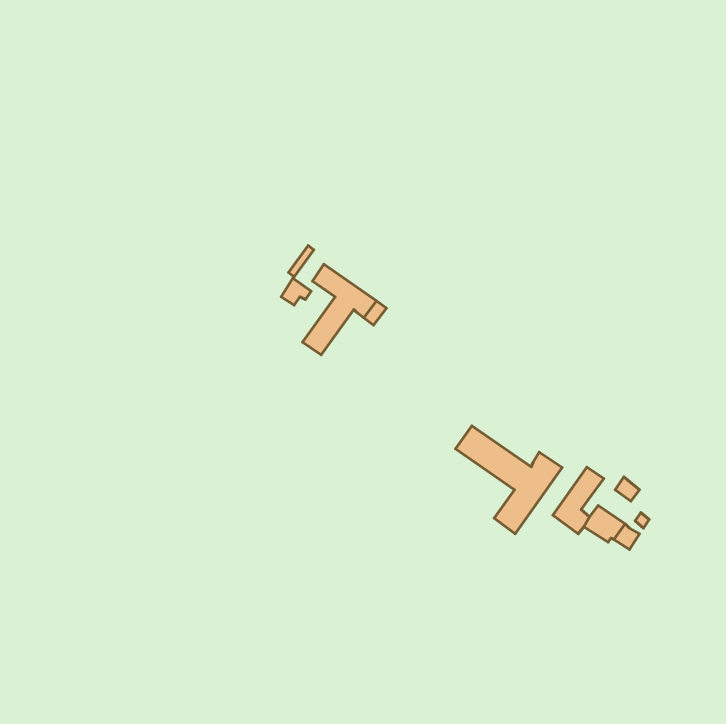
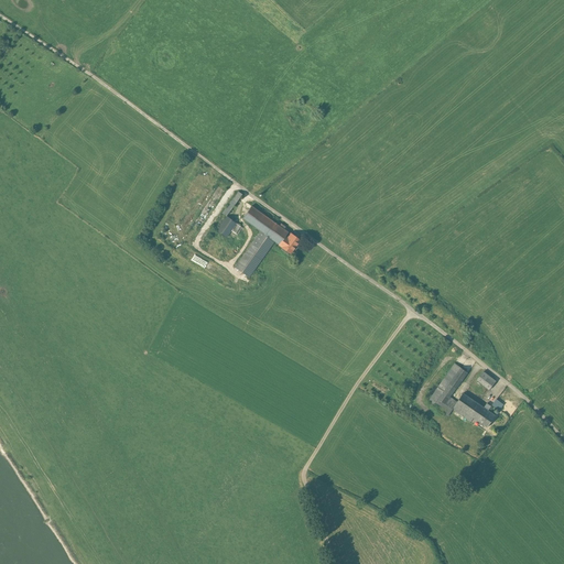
building: [455,426,562,534] -> none

